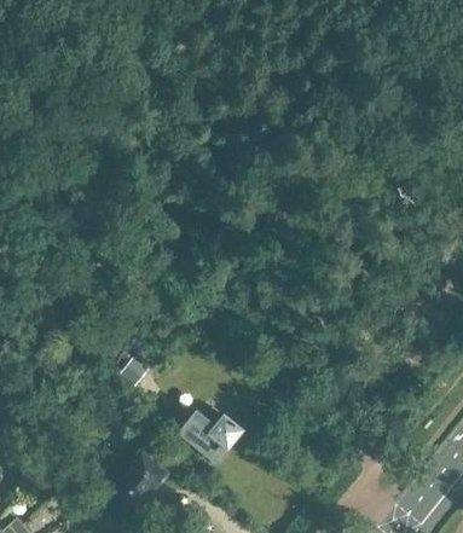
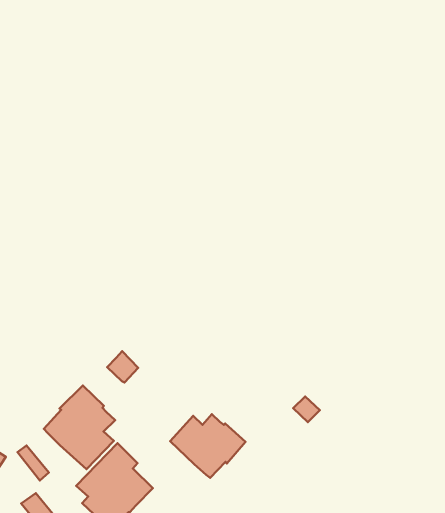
building: none -> [44,386,115,469]

